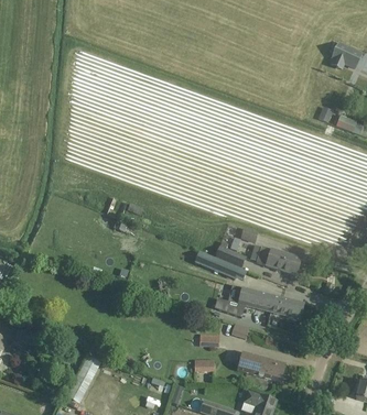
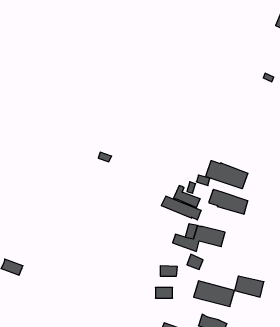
building: none -> [206,161,248,189]
building: [269,295,303,319] -> [234,276,264,297]

